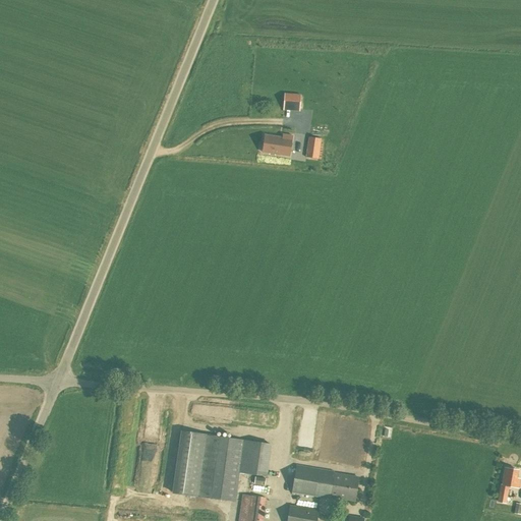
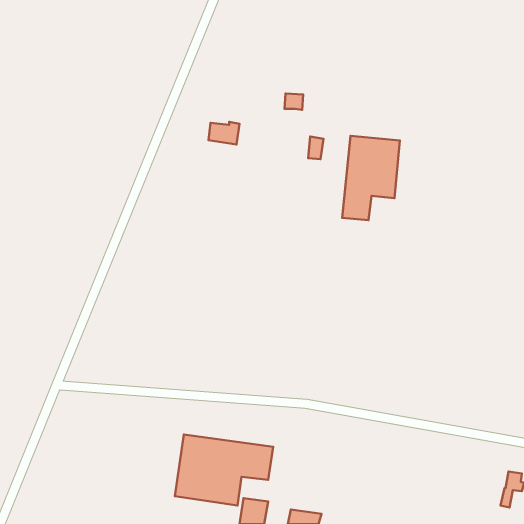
building: [260,133,291,156] -> [209,122,239,144]
building: none -> [342,136,400,220]
building: [290,464,358,501] -> none

